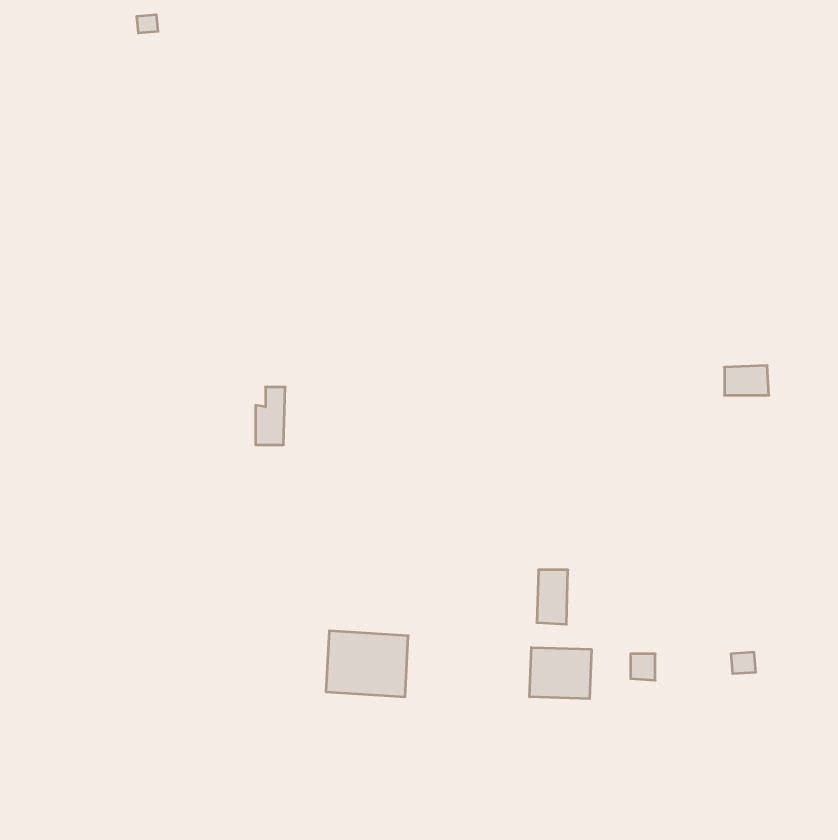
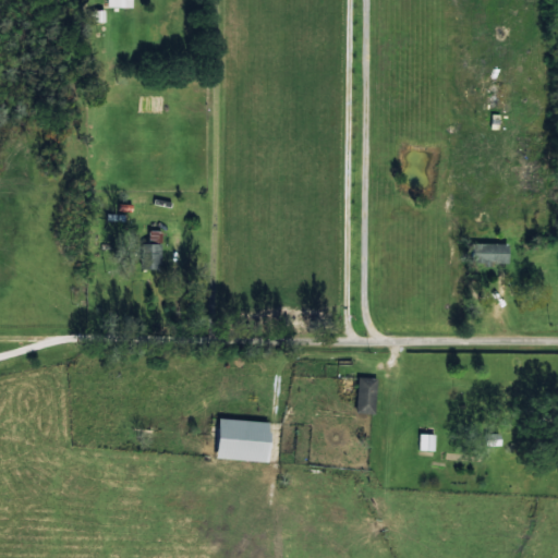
building: [256,387,285,445] -> [143,231,162,269]
building: [530,647,591,699] -> none

